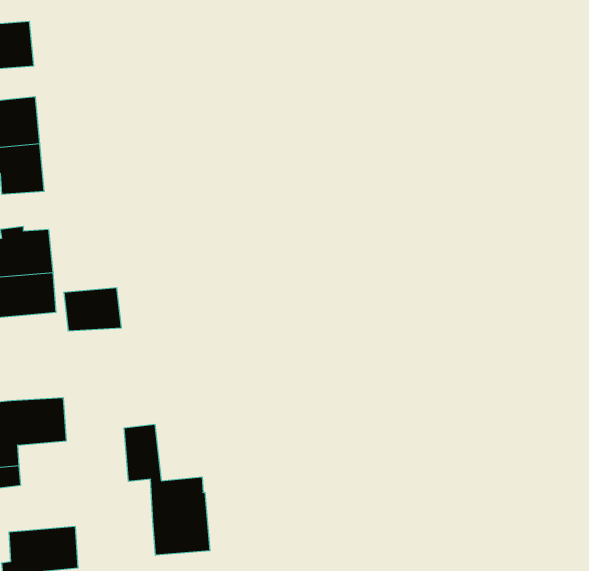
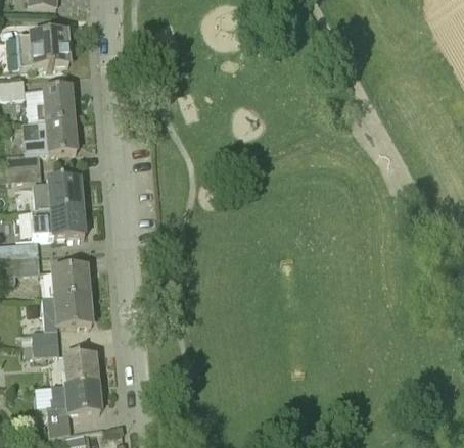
building: [64,288,121,331] -> [51,265,91,295]
building: [124,424,210,555] -> none
building: none -> [62,351,99,385]

